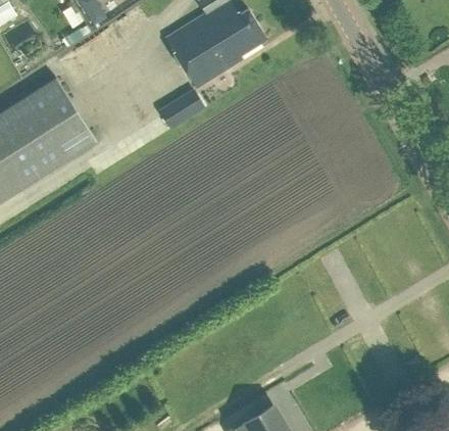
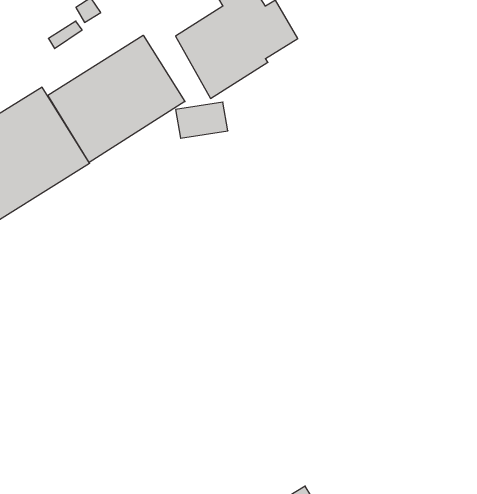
building: none -> [48,35,185,163]

